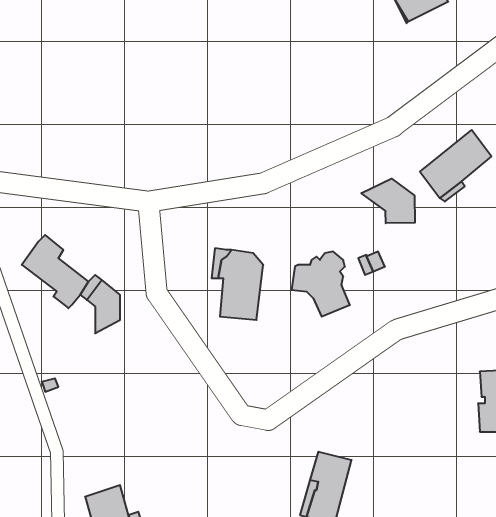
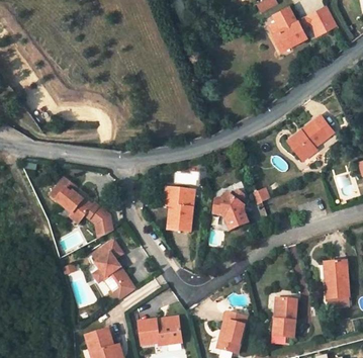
building: [361,179,415,223] -> none
building: none -> [91,239,134,300]
building: none -> [272,298,296,338]
building: none -> [139,322,181,346]

